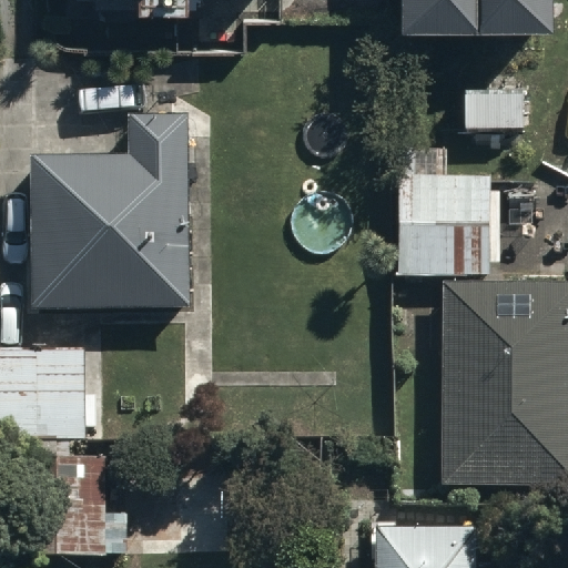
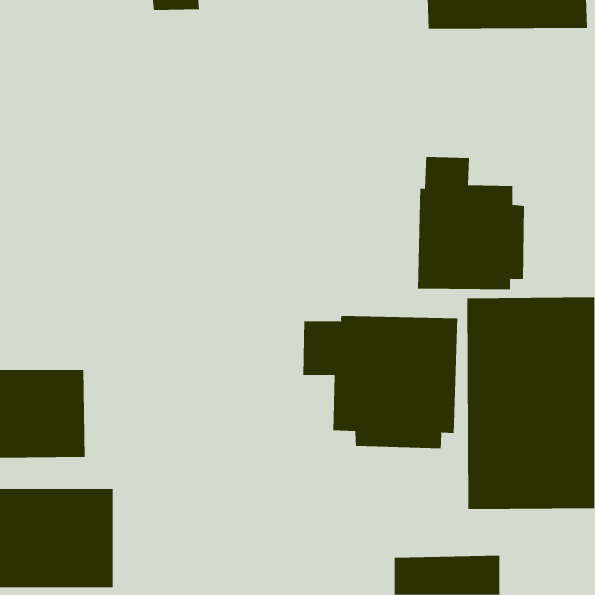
building: [34,159,199,308] -> none
building: none -> [303,315,458,449]

